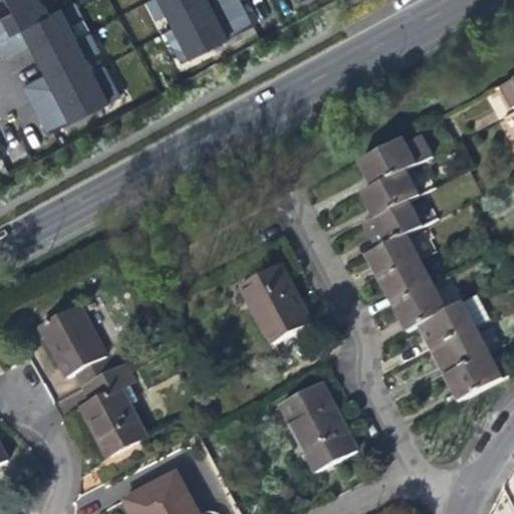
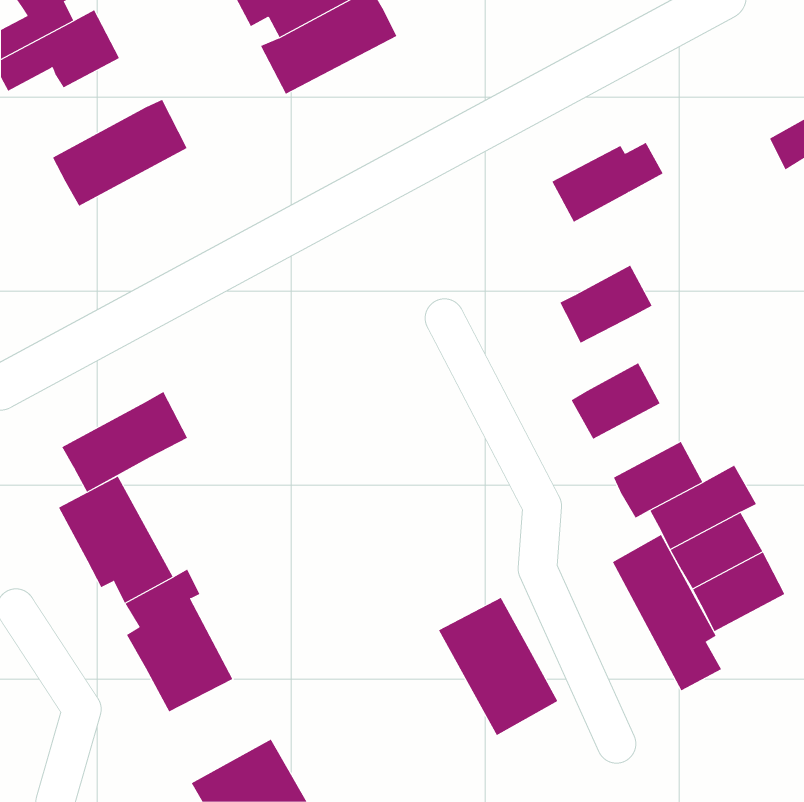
building: [26,30,99,100] -> none
building: [353,137,425,188] -> [551,142,663,222]
building: [361,201,419,249] -> none
building: none -> [62,391,188,492]
building: [378,257,435,304] -> none
building: [237,261,309,341] -> none
building: none -> [612,534,722,691]

